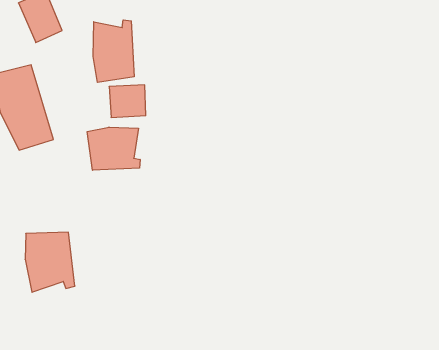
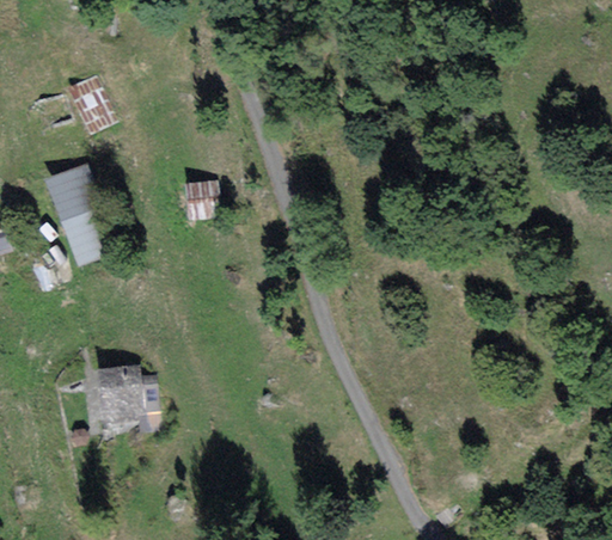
building: [93,20,134,82] -> none
building: [87,127,140,170] -> none

